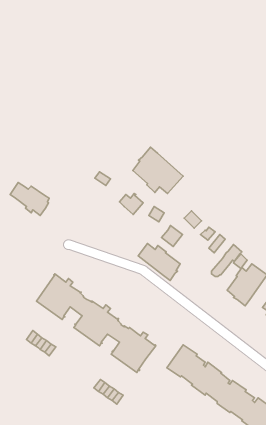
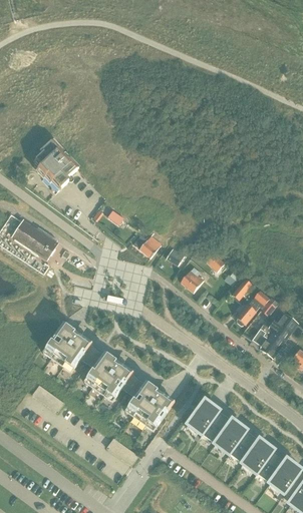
building: none -> [39,140,78,190]
building: [133,147,183,194] -> none
building: [138,244,180,281] -> none

